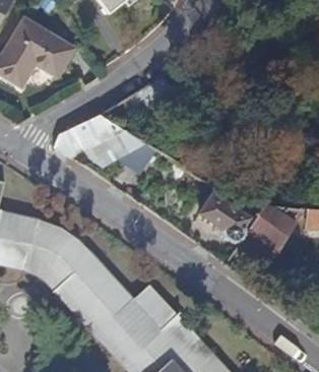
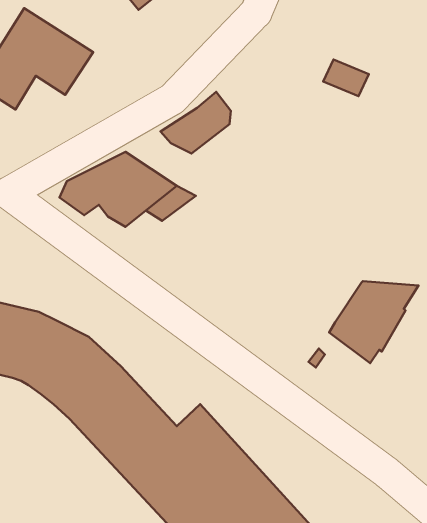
building: [198,191,248,240] -> none

